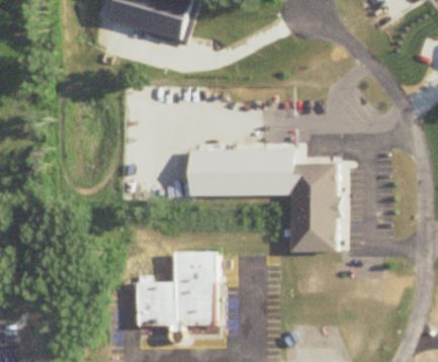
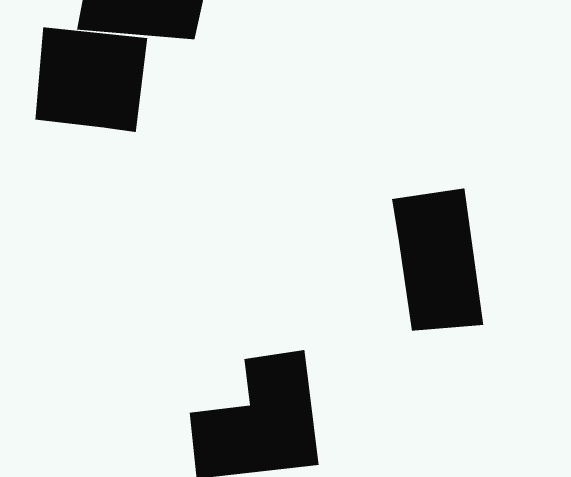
building: none -> [35,26,148,133]
building: [191,141,288,191] -> none

